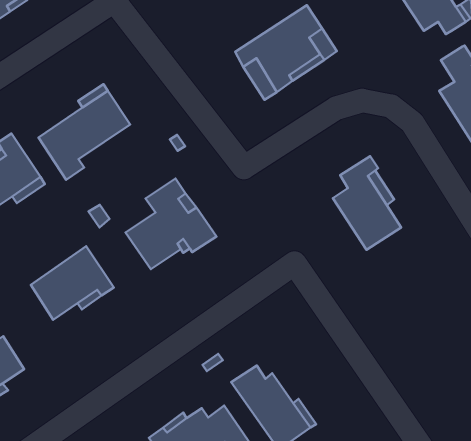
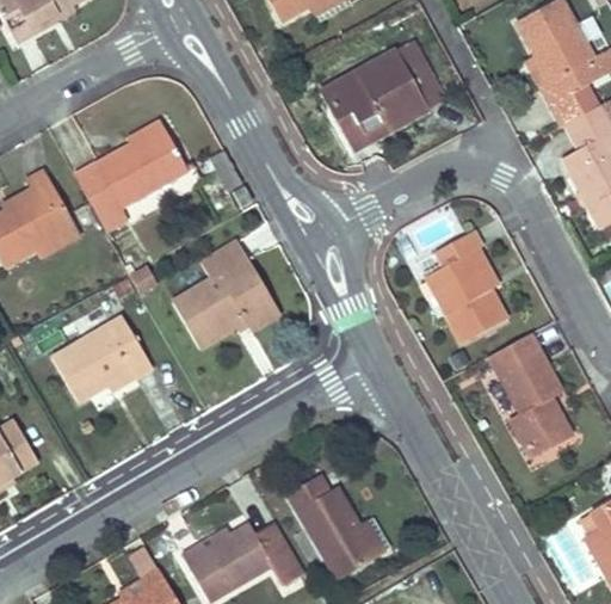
building: none -> [529,56,595,124]
building: none -> [490,334,569,458]

